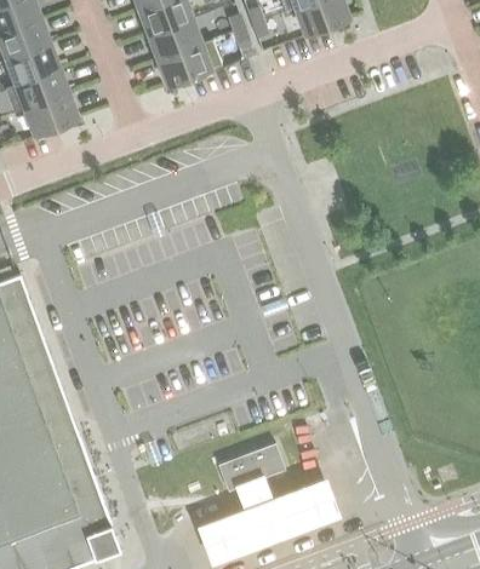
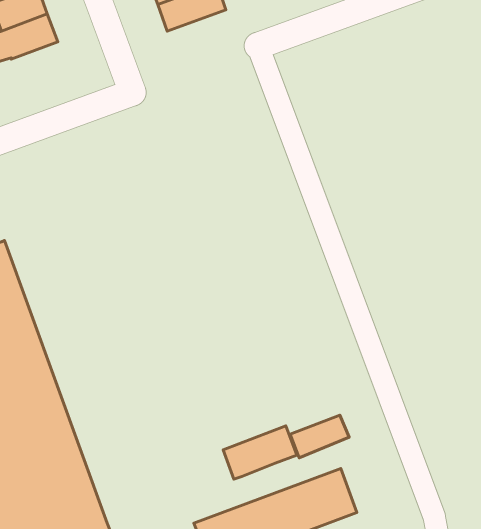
building: [25,93,76,133] -> none
building: none -> [290,415,349,458]

